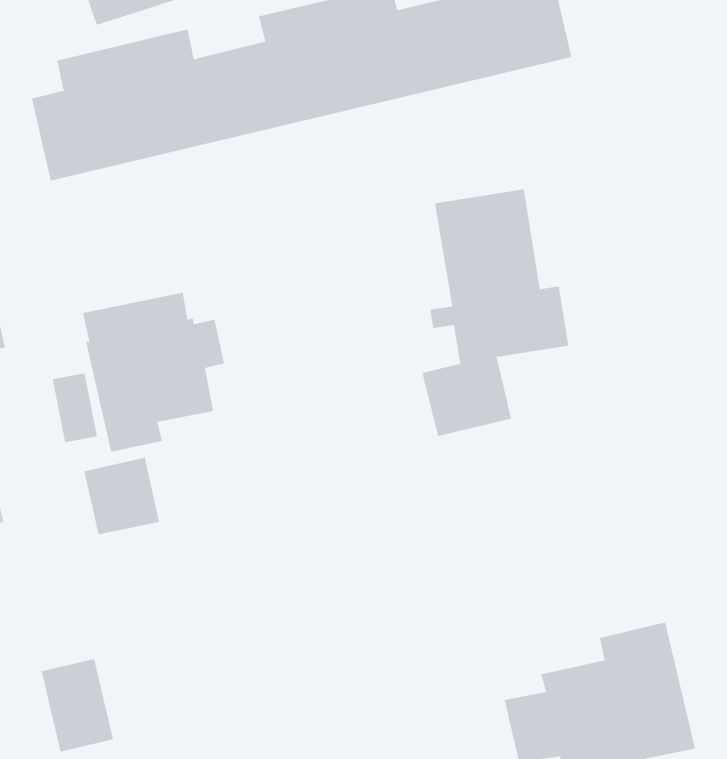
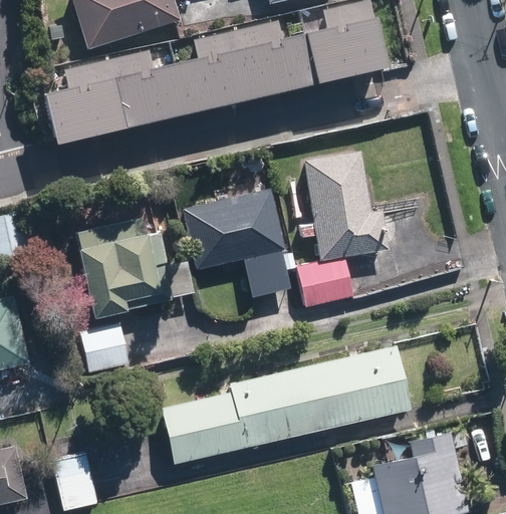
building: none -> [183,188,291,297]
building: none -> [163,344,413,463]

